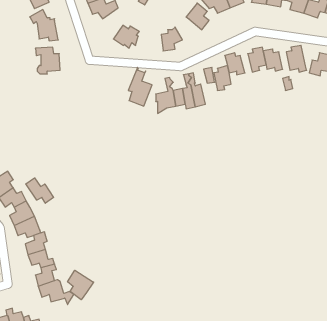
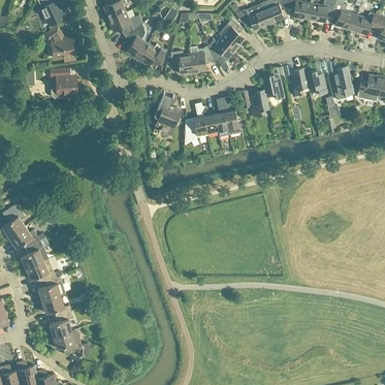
building: none -> [125,23,148,59]
building: none -> [206,36,236,60]
building: none -> [167,51,193,74]
building: [26,178,54,203] -> none
building: [68,270,94,300] -> none

